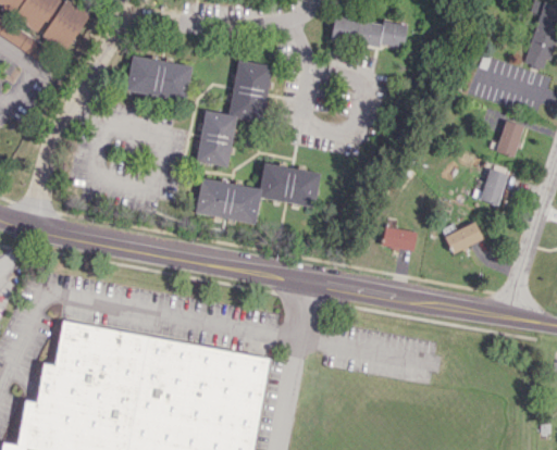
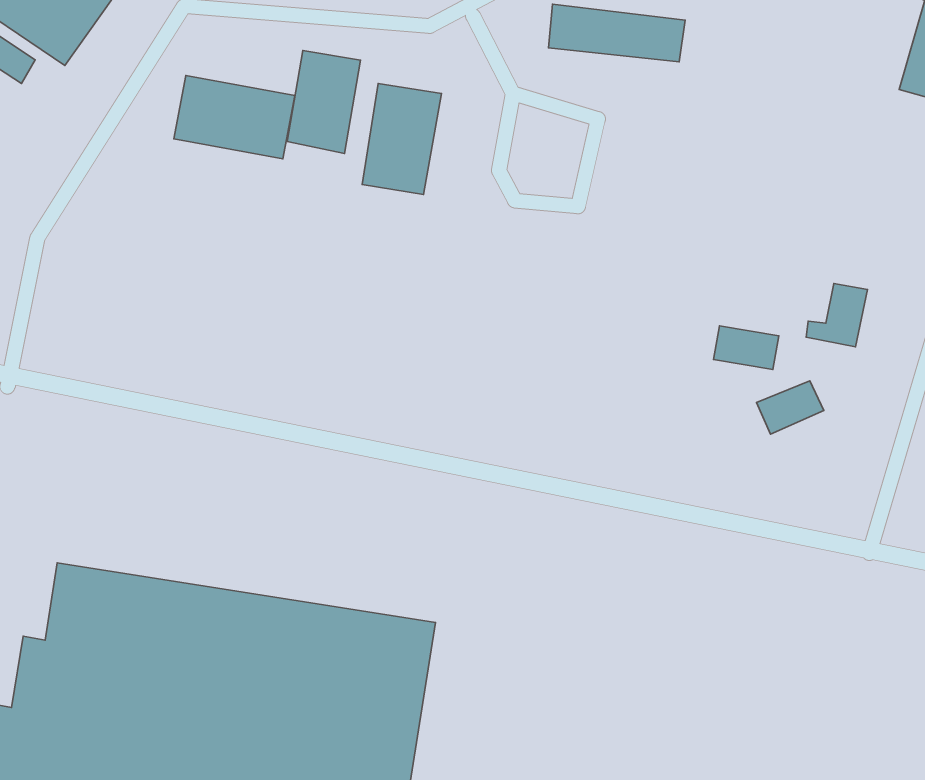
building: [197,111,237,167] -> [287,50,360,153]
building: [497,121,523,158] -> none
building: [196,163,321,224] -> none
building: [382,227,418,251] -> [713,326,779,369]

